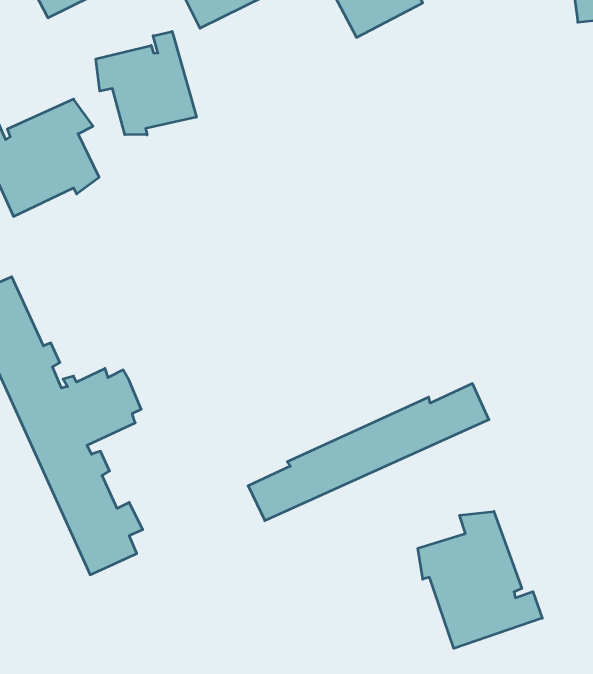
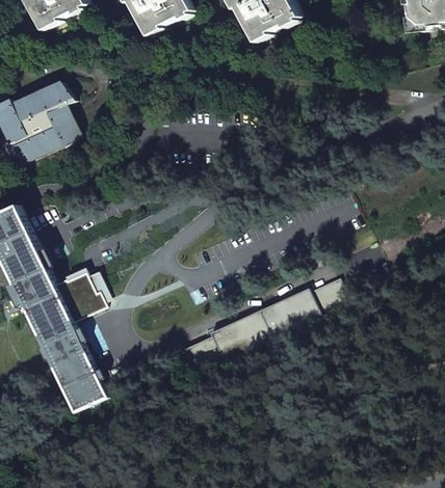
building: [96,31,196,135] -> none
building: [418,511,542,648] -> none

